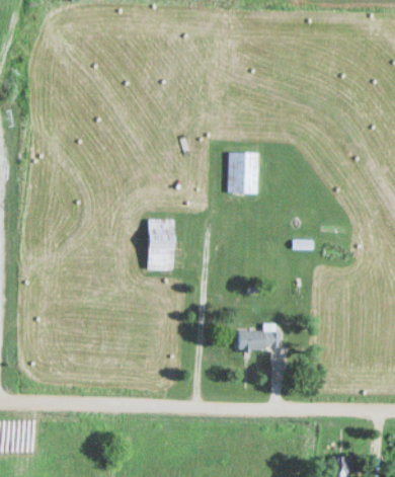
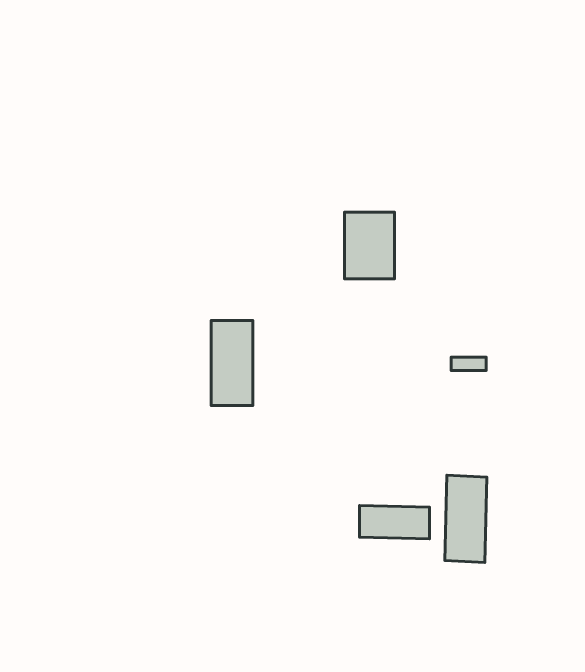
building: none -> [445,475,487,562]

